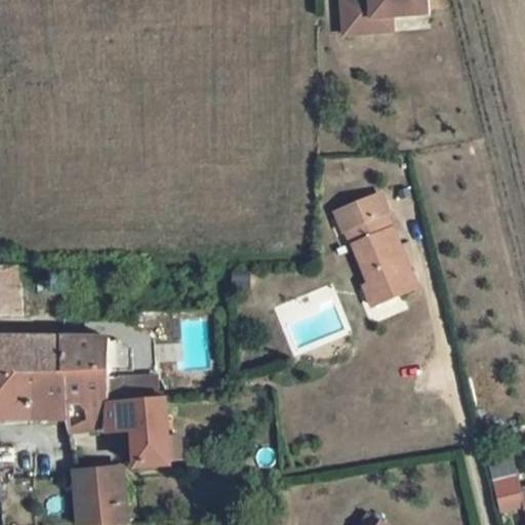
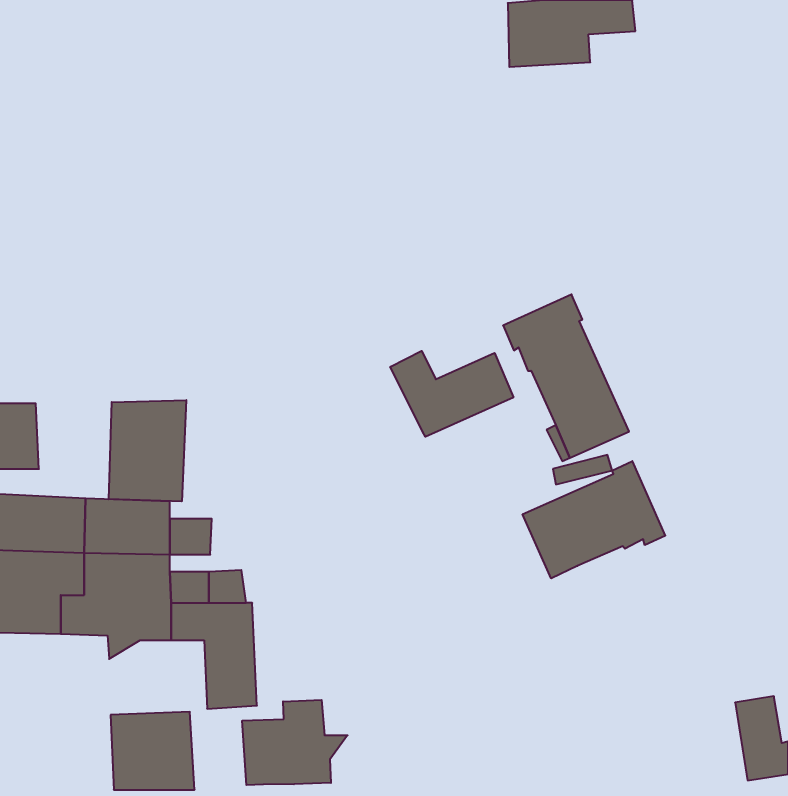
building: none -> [390,351,513,437]
building: none -> [109,400,186,501]
building: none -> [523,461,665,578]
building: none -> [242,700,348,785]

